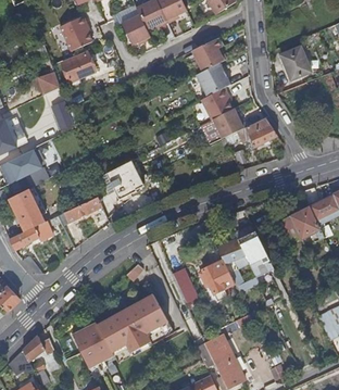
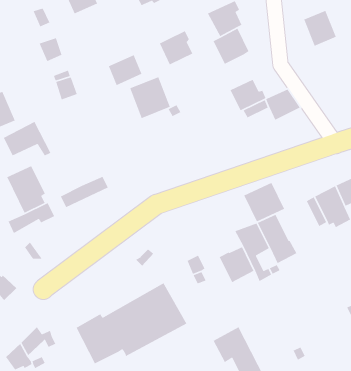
building: [63,52,95,81] -> [108,54,142,86]
building: [201,87,233,119] -> [159,30,193,66]
building: [108,159,146,198] -> [129,76,171,119]
building: none -> [243,182,285,223]

